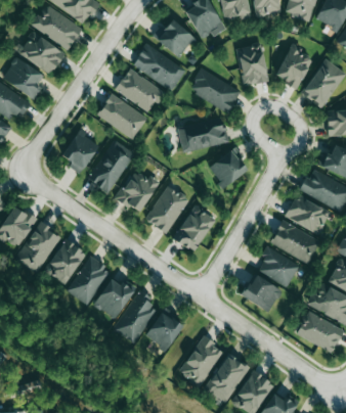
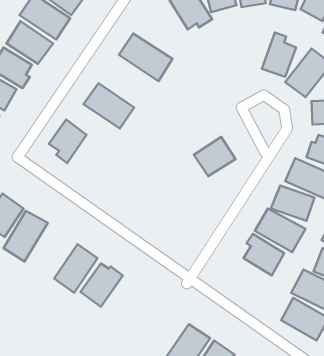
building: [153,19,194,58] -> none
building: [237,44,267,86] -> none
building: [115,68,167,112] -> none
building: [189,68,241,113] -> none
building: [177,118,228,153] -> none
building: [87,140,135,193] -> none
building: [116,171,160,214] -> none
building: [147,186,187,233] -> none
building: [172,205,216,253] -> none
building: [45,240,85,285] -> none
building: [242,274,282,313] -> none
building: [114,290,156,345] -> none
building: [146,311,183,351] -> none

